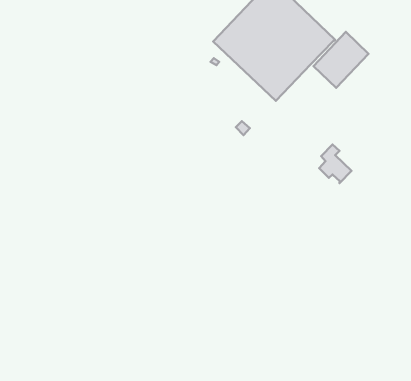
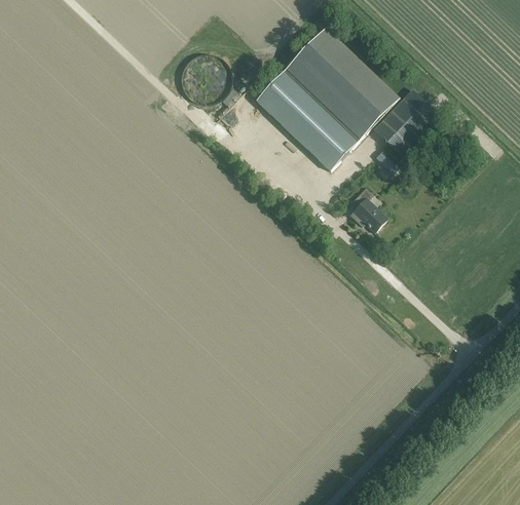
building: [319,145,352,183] -> [349,187,387,232]

